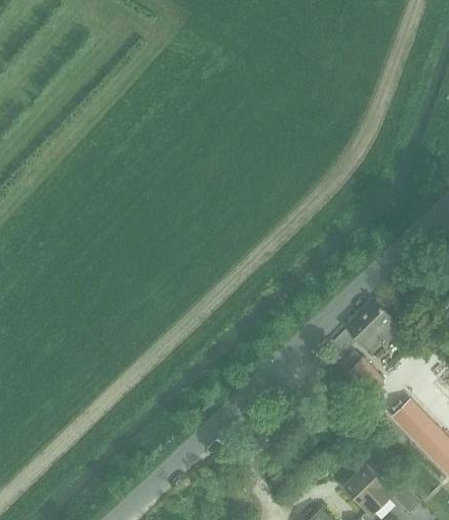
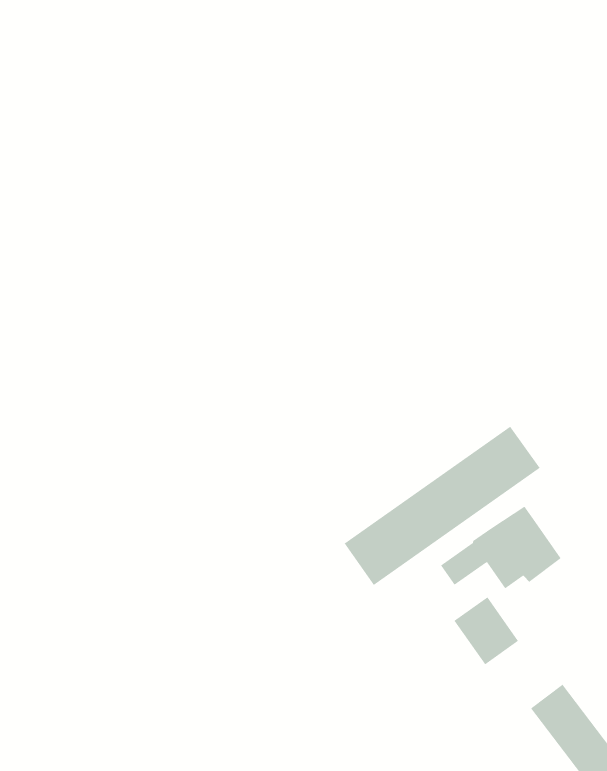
building: none -> [344,426,541,586]

